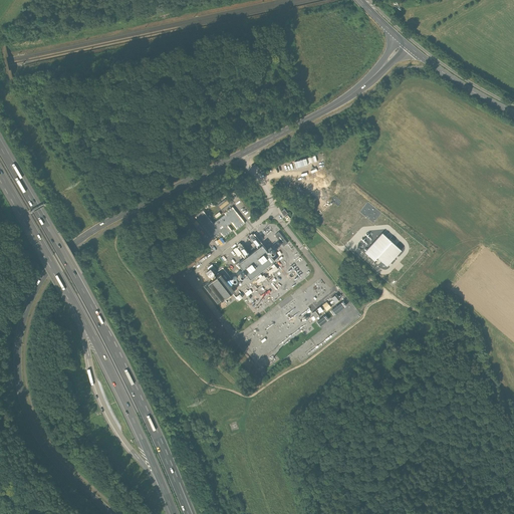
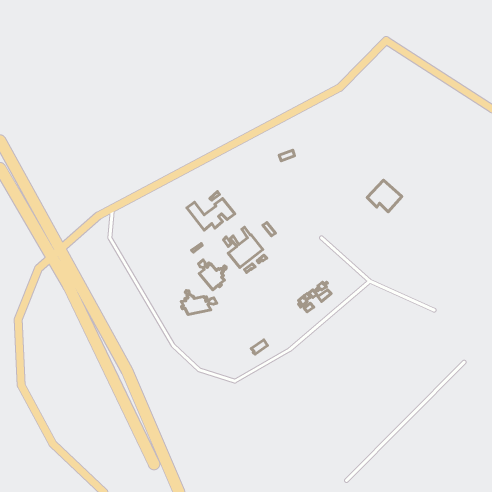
building: [364,233,401,266] -> [367,180,402,212]
building: none -> [181,291,217,315]

